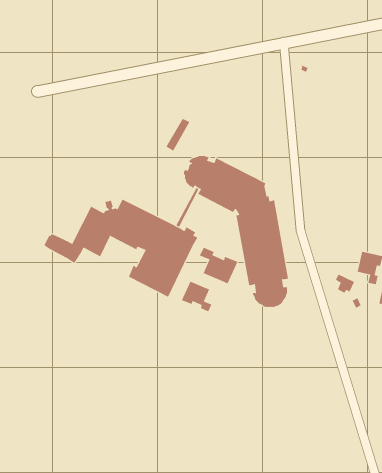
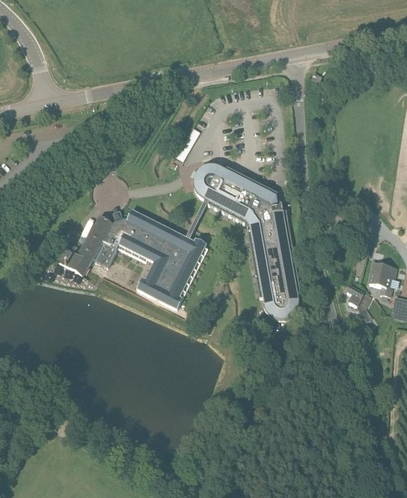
building: [199,247,238,284] -> none
building: [181,281,212,312] -> none

